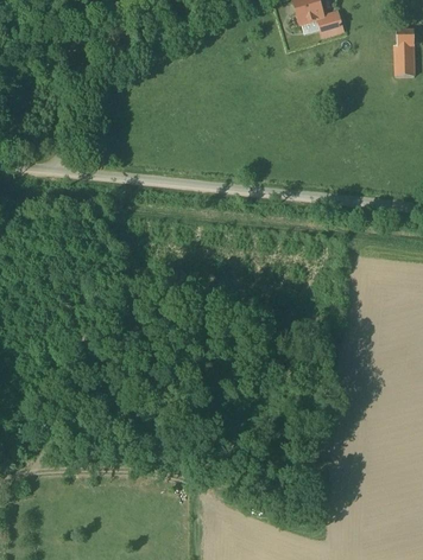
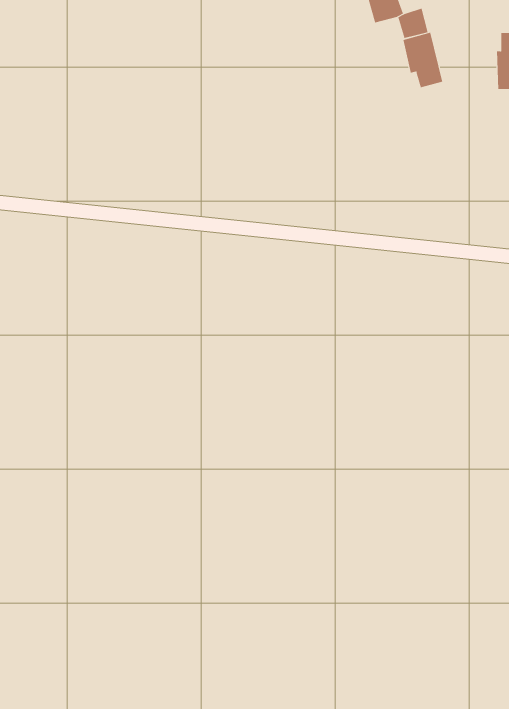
building: none -> [403,32,443,88]

